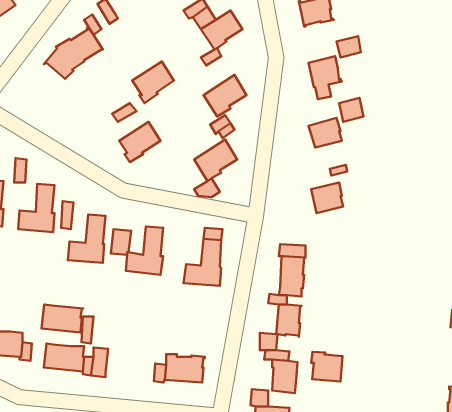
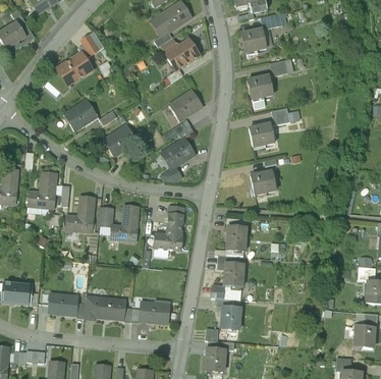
building: [132,62,174,103] -> [64,99,96,130]
building: [41,304,83,333] -> [94,296,125,318]
building: [311,352,343,381] -> none

